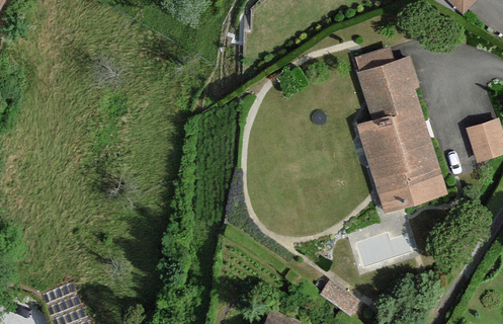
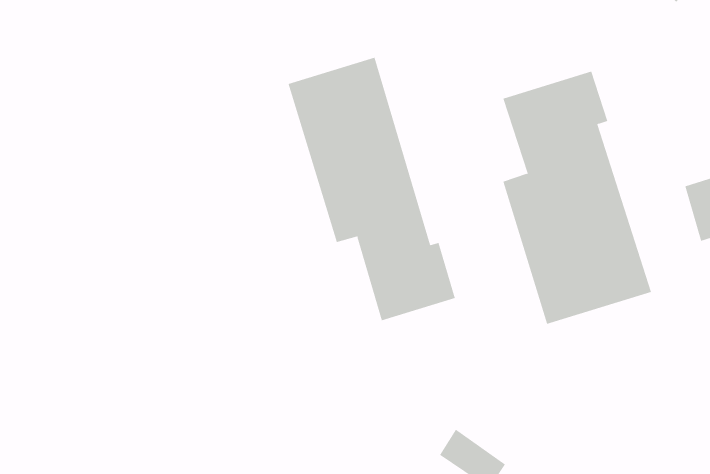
building: none -> [288,57,455,321]

